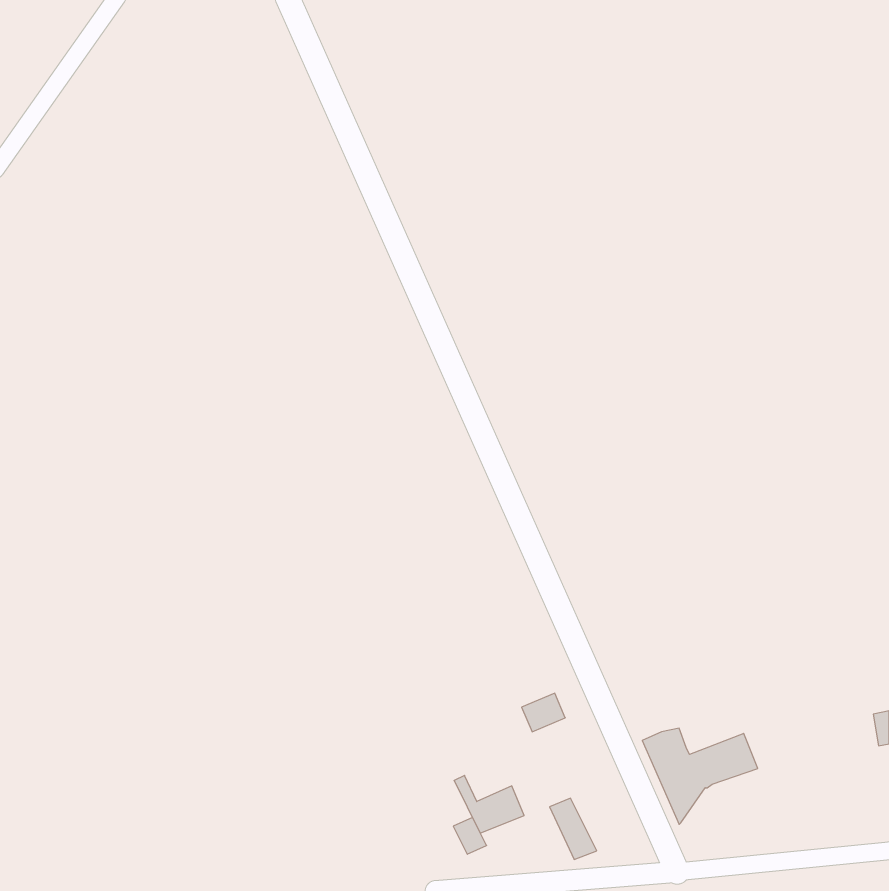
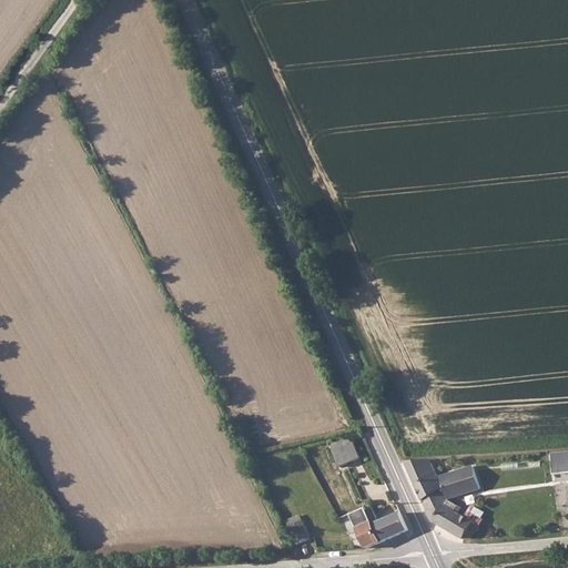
building: [454,775,524,833] -> [362,503,406,539]
building: none -> [432,499,478,538]

